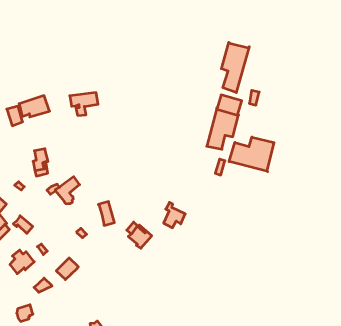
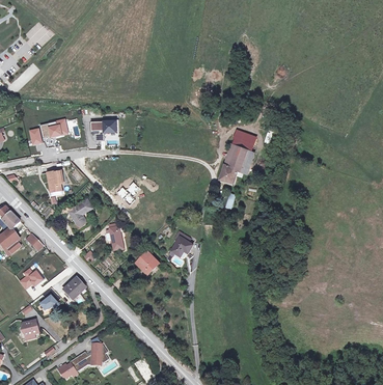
building: [221,42,249,93] -> none
building: [229,137,274,172] -> none

